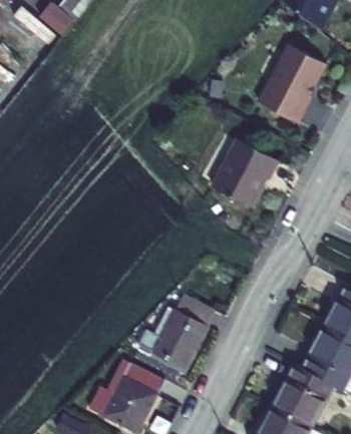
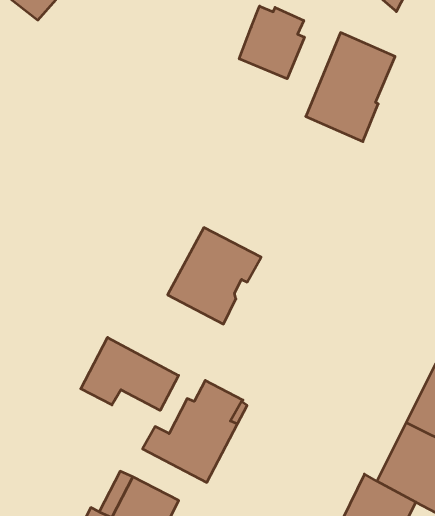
building: none -> [239,6,304,79]
building: [211,139,278,208] -> [168,228,261,324]
building: none -> [81,337,179,410]

